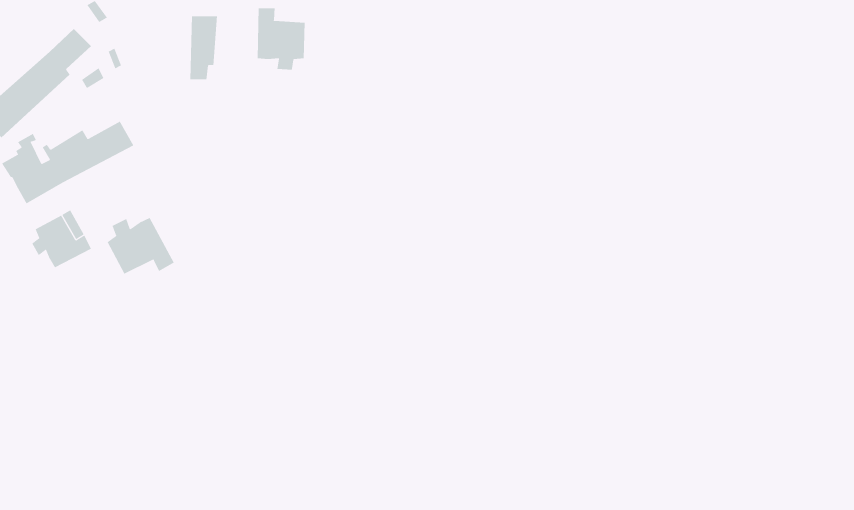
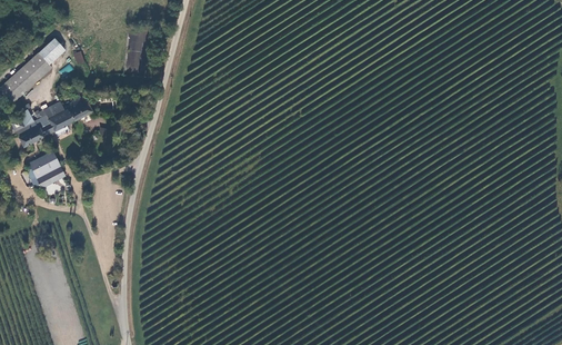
building: [257,8,305,71] -> none
building: [107,217,174,275] -> none

